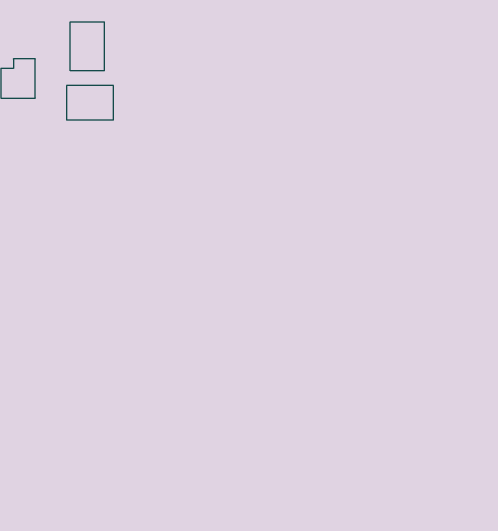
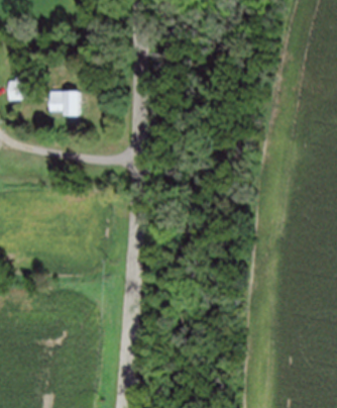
building: [70,22,104,71] -> none

